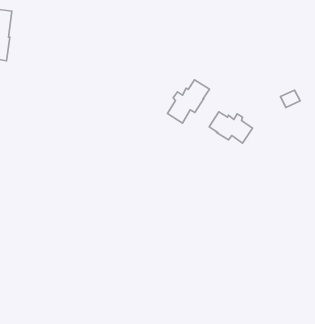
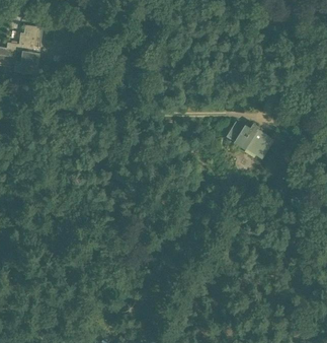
building: [167,80,209,123] -> none

